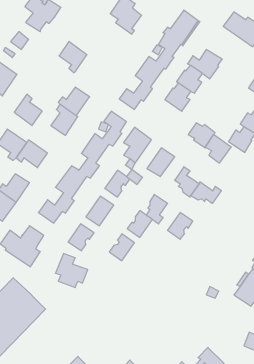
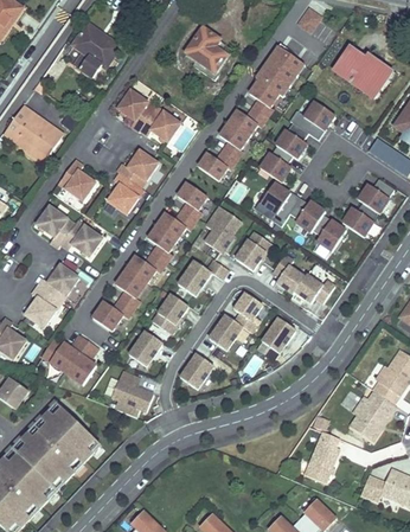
building: none -> [139,107,180,142]
building: none -> [260,182,299,226]
building: none -> [302,431,339,483]

